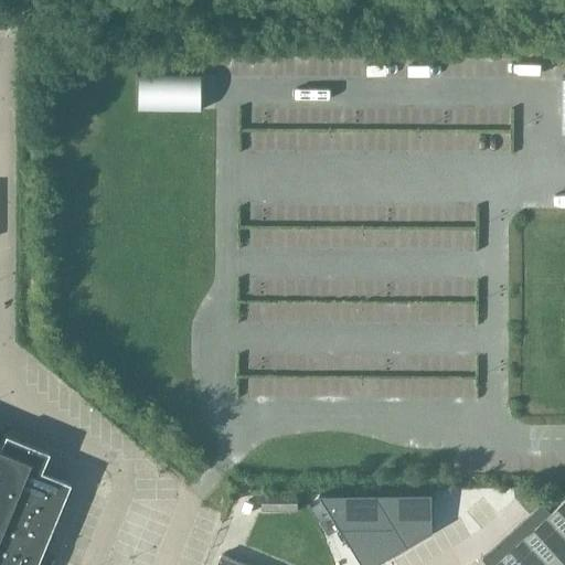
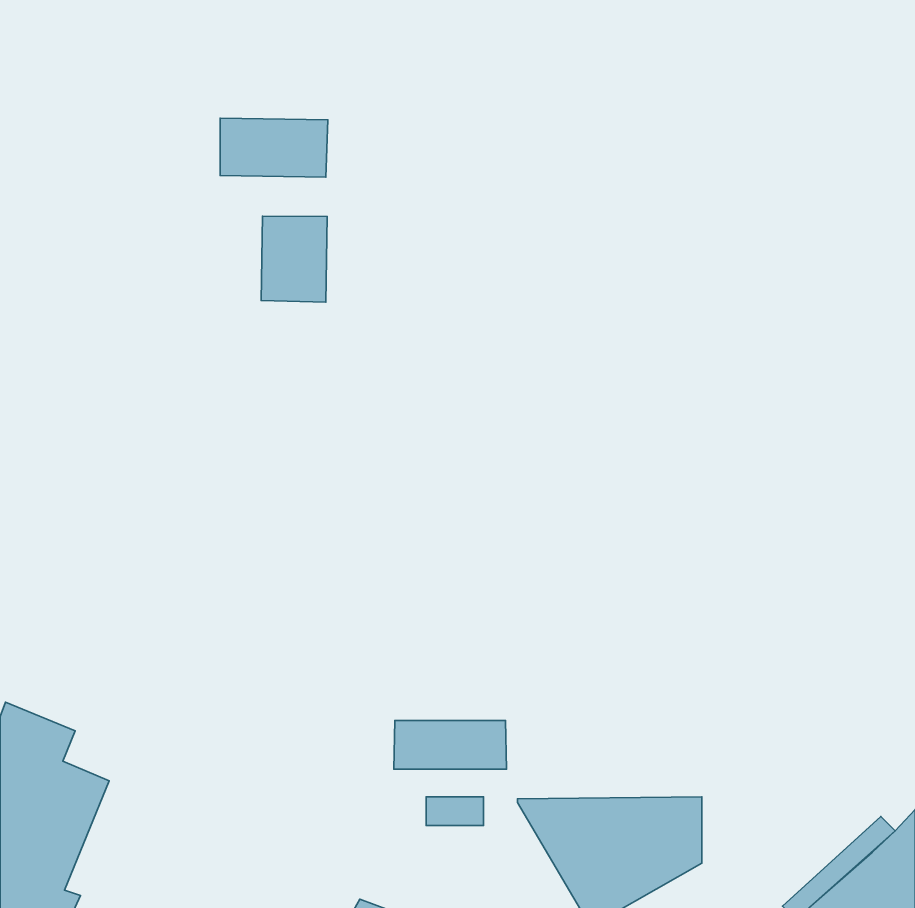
building: none -> [261,216,327,302]
building: none -> [394,720,506,769]

